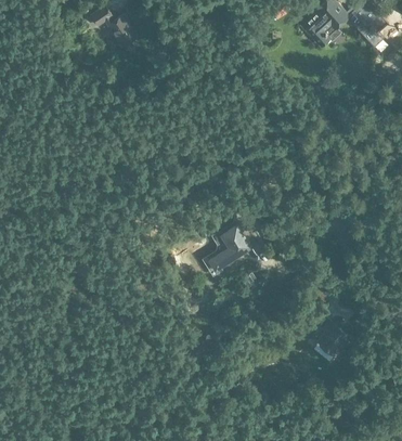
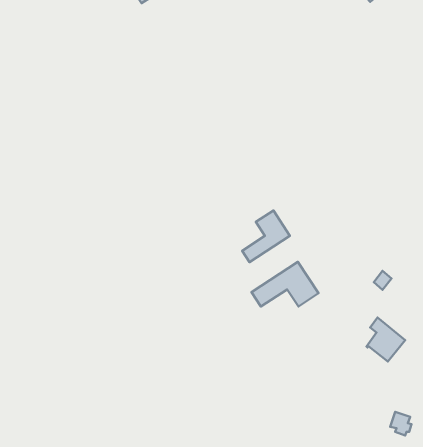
building: none -> [252,262,319,306]

